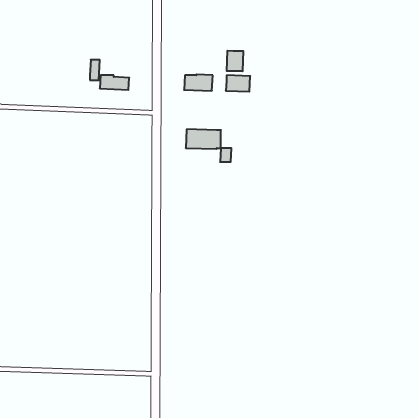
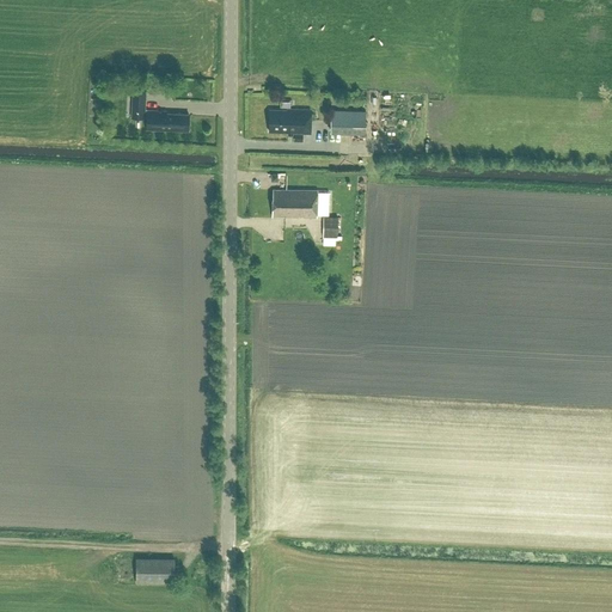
building: [227,51,243,71] -> none
building: none -> [135,557,175,582]

